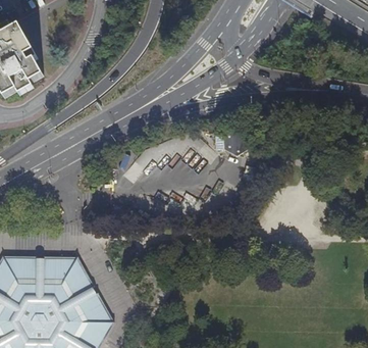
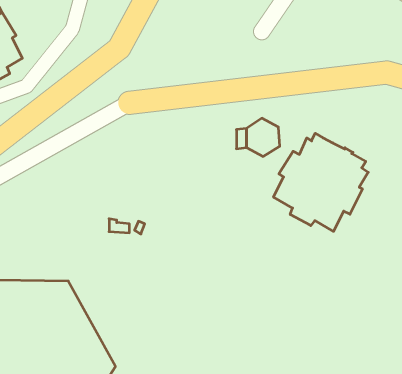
building: none -> [274,133,368,231]

